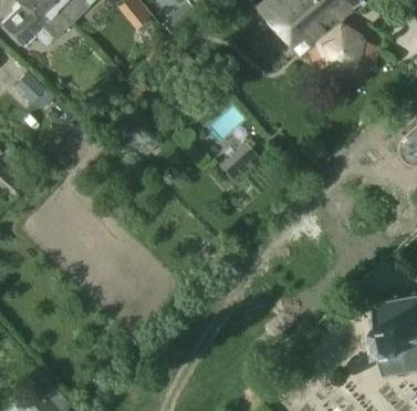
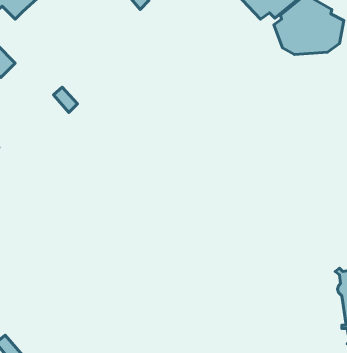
building: [219,142,258,181] -> none

